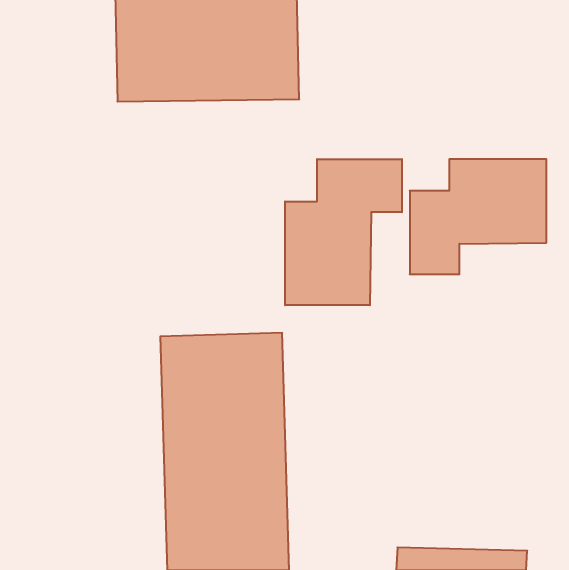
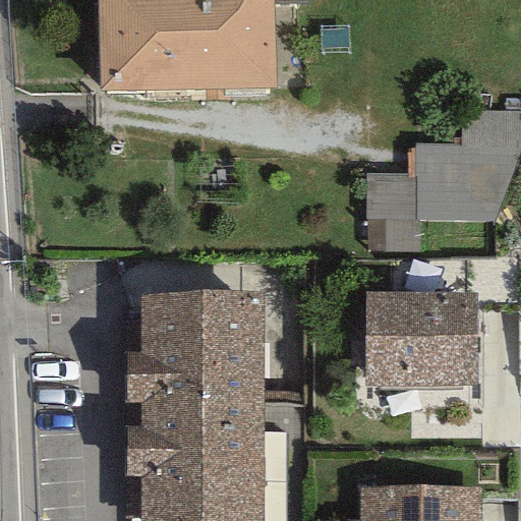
building: [285,159,402,305] -> none
building: none -> [367,301,481,388]

